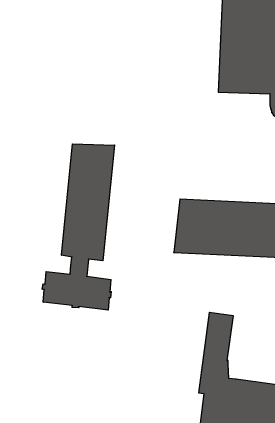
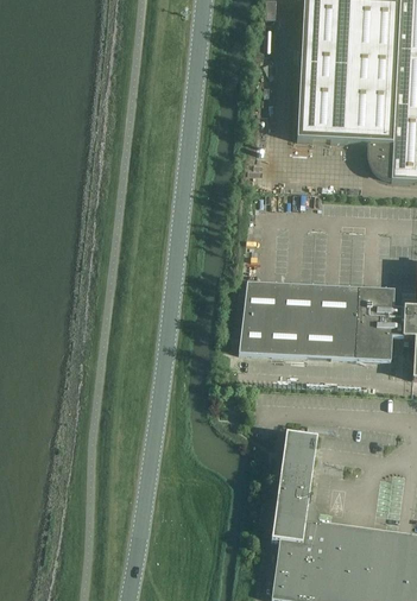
building: [42,144,115,310] -> none

